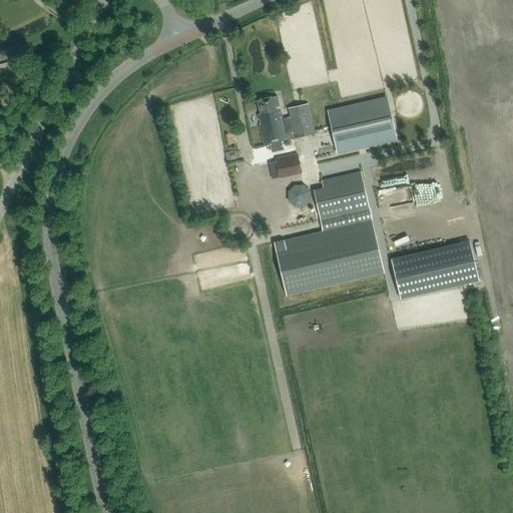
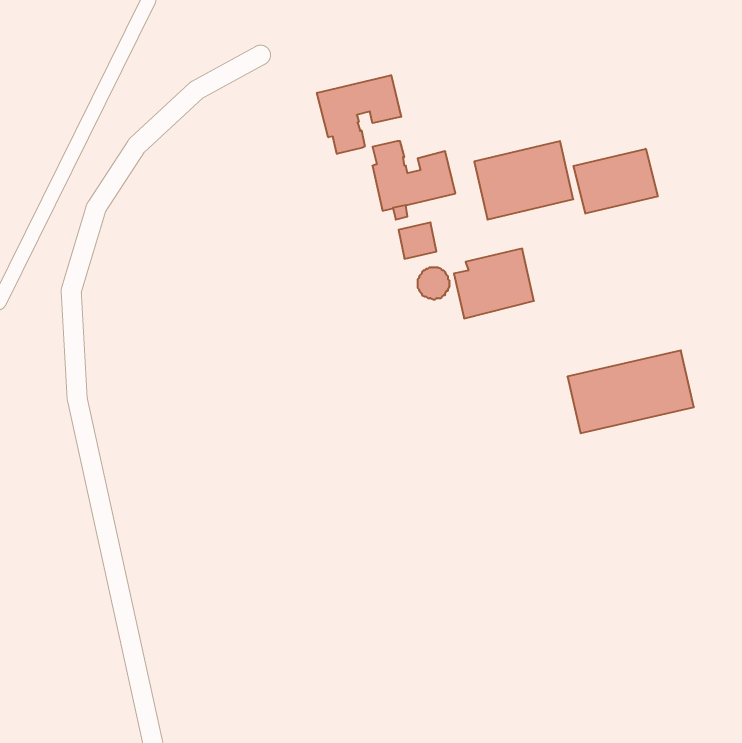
building: none -> [317,75,401,154]
building: none -> [573,149,658,214]
building: [274,218,384,295] -> none

